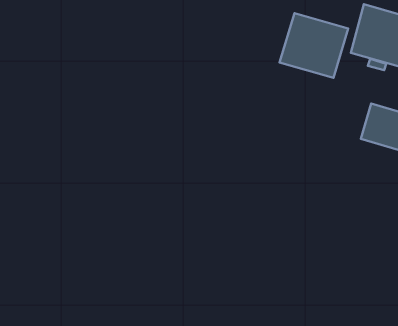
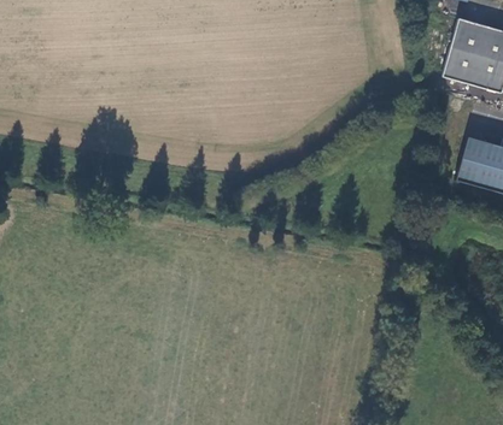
building: [280,13,348,78] -> none

